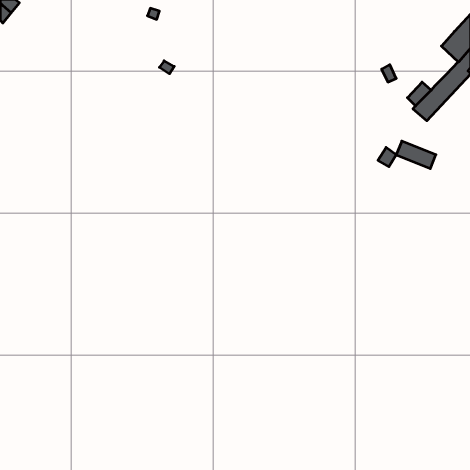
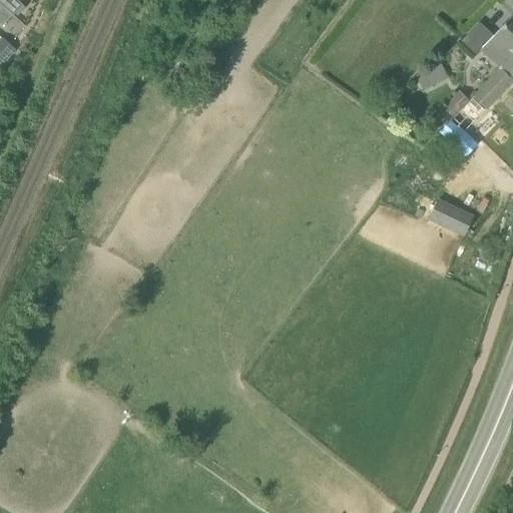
building: none -> [463,20,494,52]
building: [396,141,436,169] -> [433,203,476,233]

